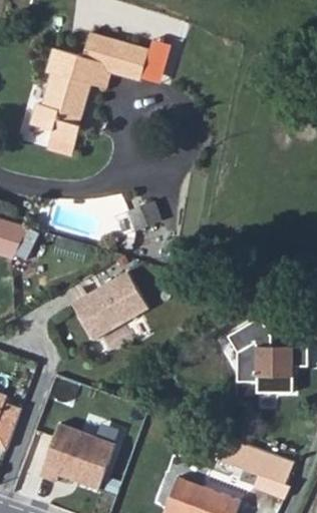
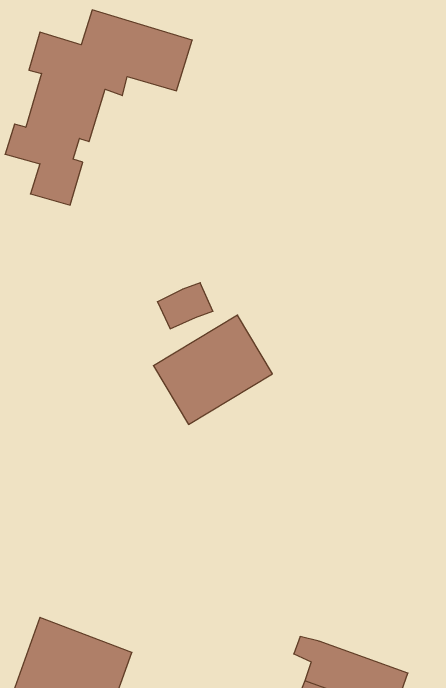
building: [73,271,148,340] -> [153,315,272,424]
building: [228,320,308,396] -> none

